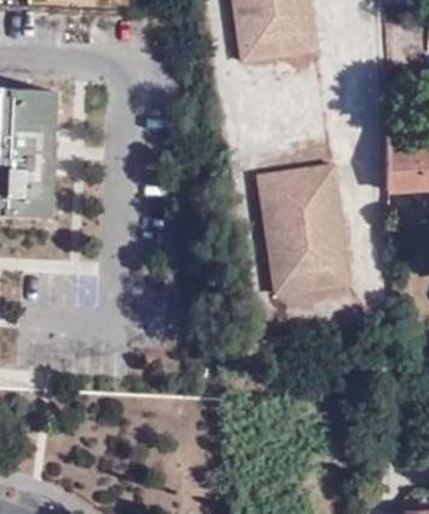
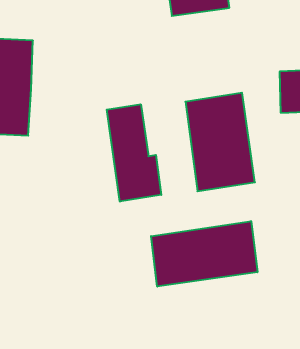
building: none -> [107,104,161,202]
building: none -> [151,221,257,287]

